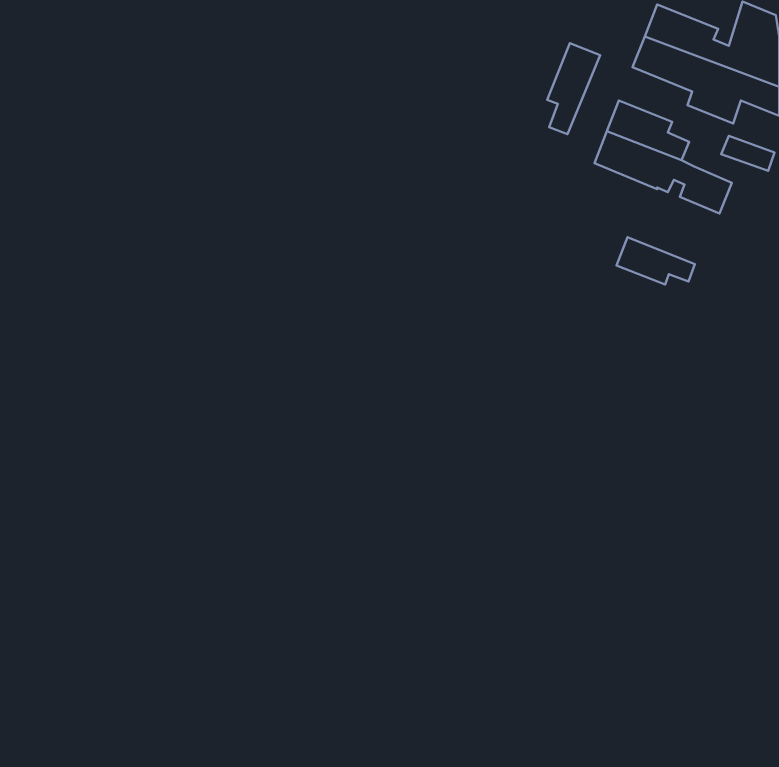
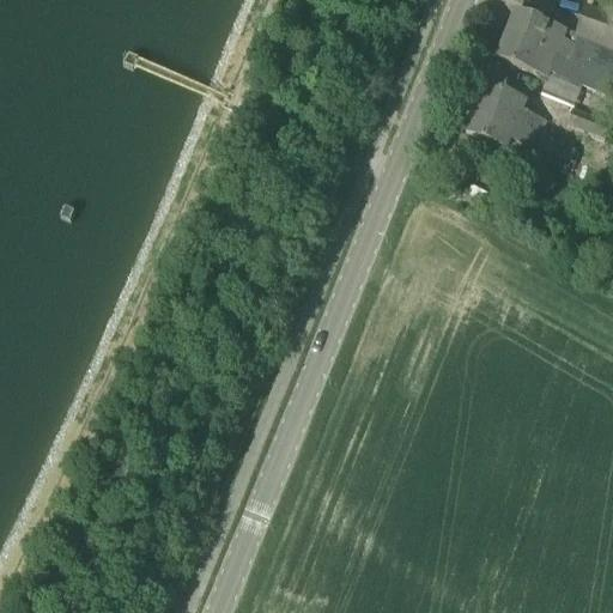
building: [547,43,600,134] -> none
building: [616,237,695,284] -> none

